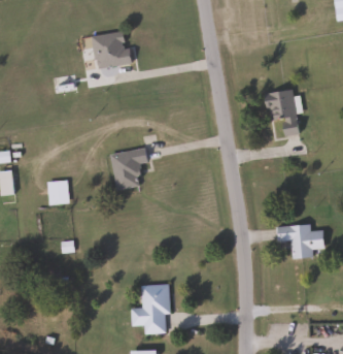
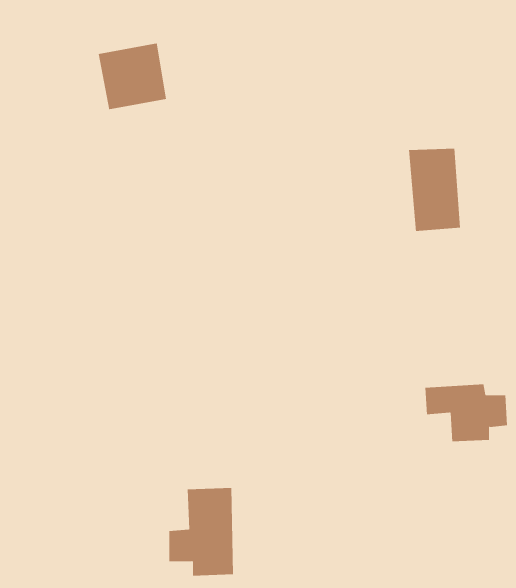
building: [110,148,147,189] -> none
building: [45,179,70,205] -> none

